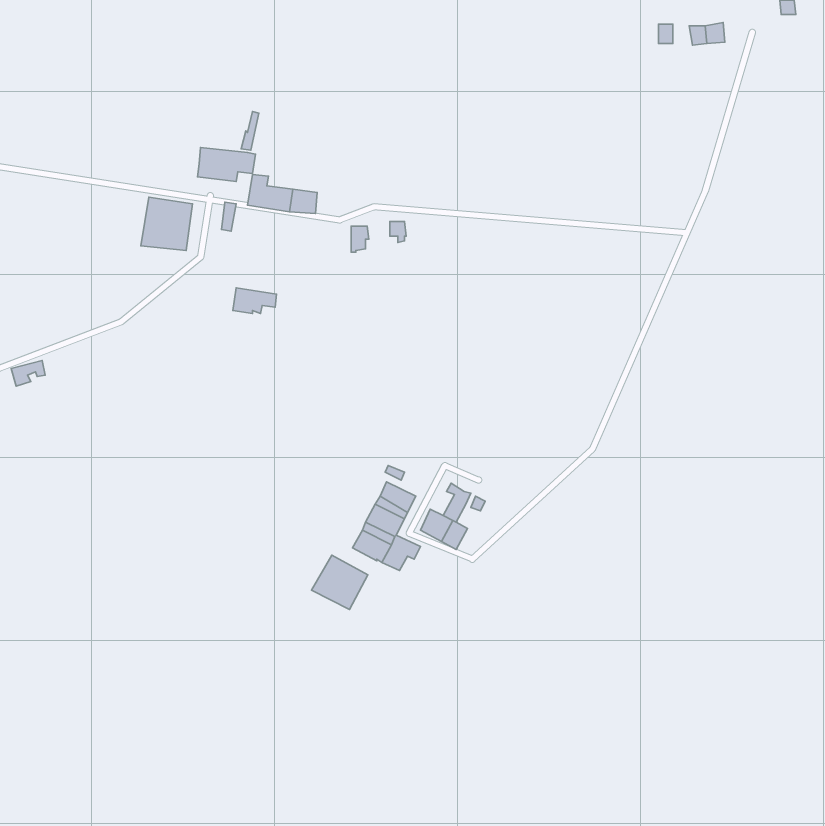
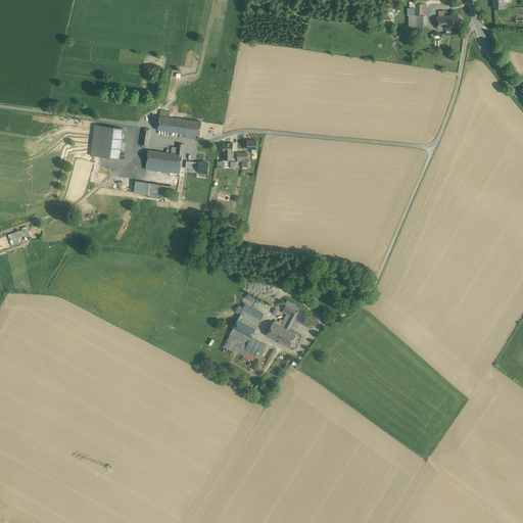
building: [197,148,256,182] -> [145,150,182,172]
building: [311,555,368,610] -> none

